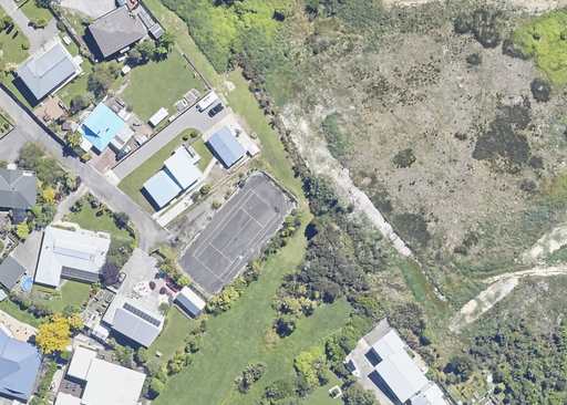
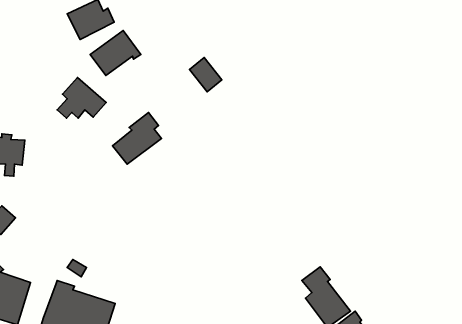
building: [19,43,80,97] -> [90,30,141,76]
building: [206,125,245,166] -> [190,58,222,92]
building: [34,226,110,285] -> none
building: [107,295,164,346] -> none

